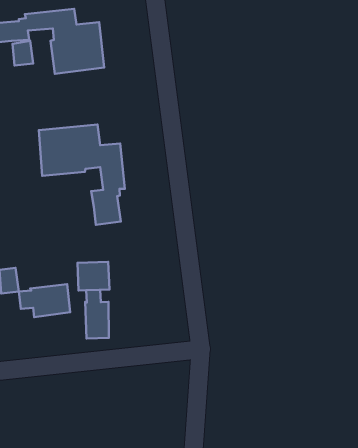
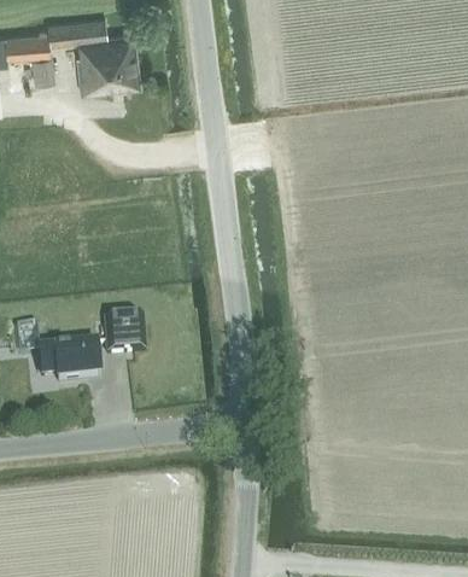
building: [39,124,125,225] -> none
building: [85,290,109,339] -> none

